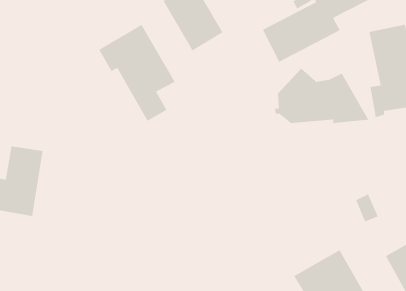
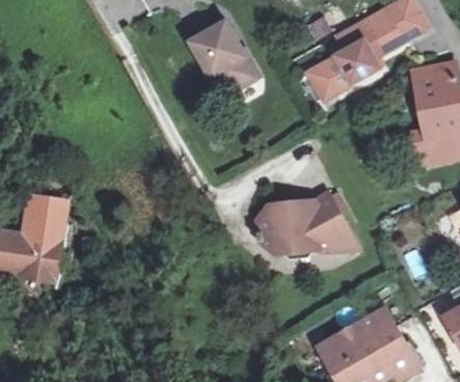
building: [98,24,176,122] -> none
building: [274,68,370,124] -> [256,188,360,249]

